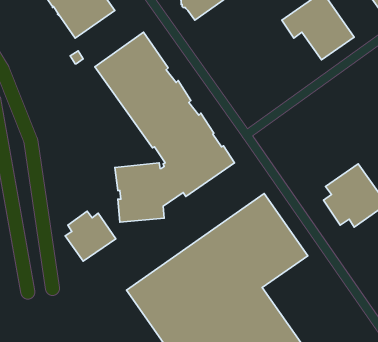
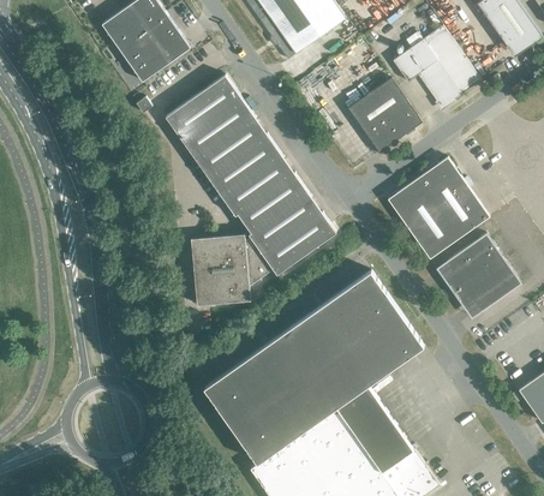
building: none -> [347,77,422,153]
building: none -> [388,157,489,258]
building: [65,211,116,261] -> none

